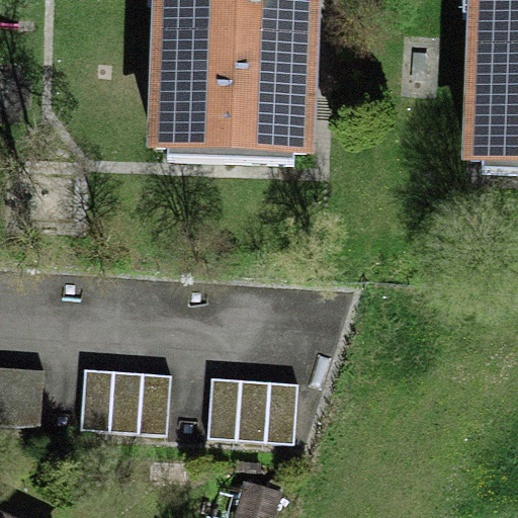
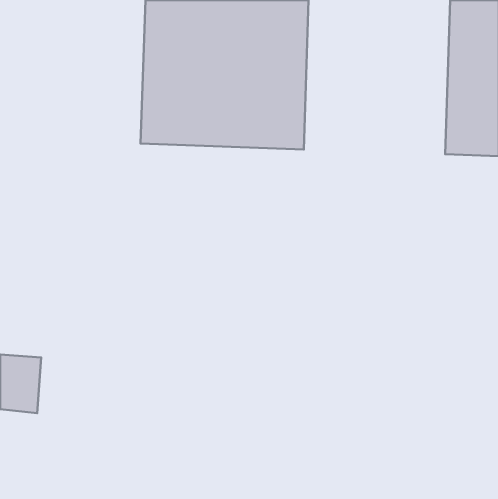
building: [81,370,171,437] -> none
building: [208,378,298,445] -> none

